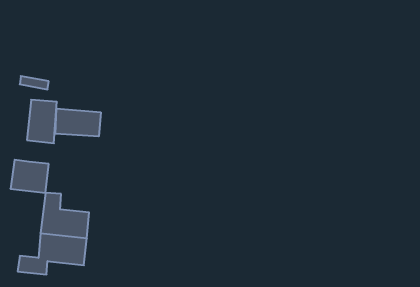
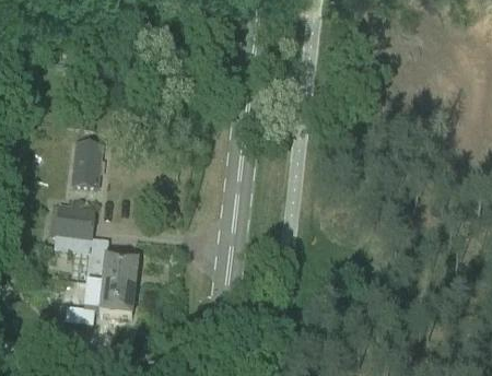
building: [55,109,101,136] -> none

